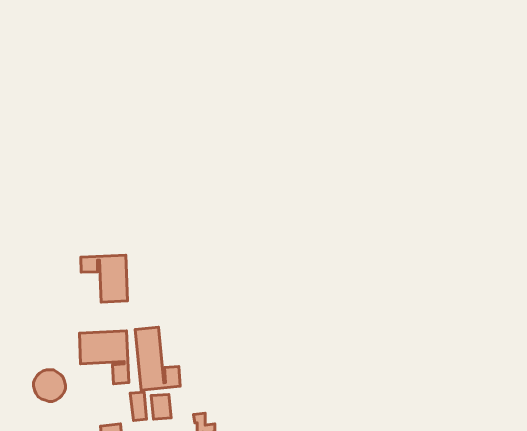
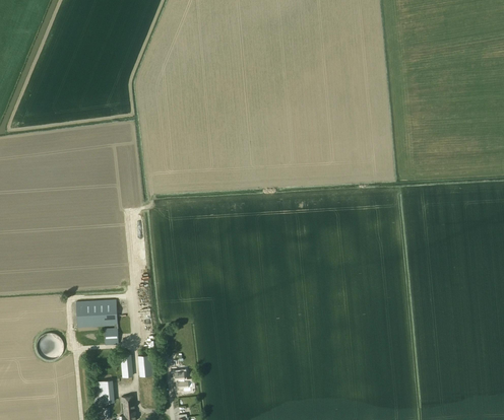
building: [81,255,128,302] -> none
building: [135,327,180,390] -> none

